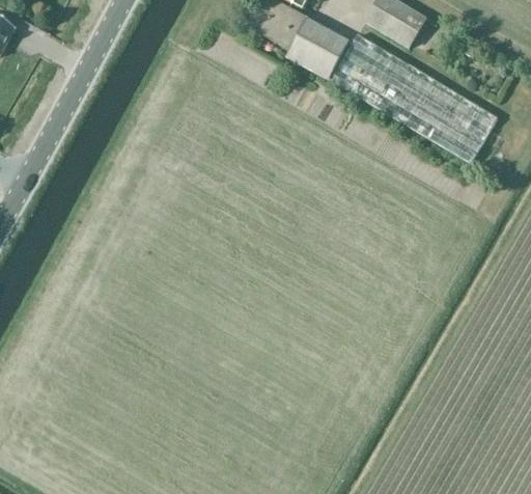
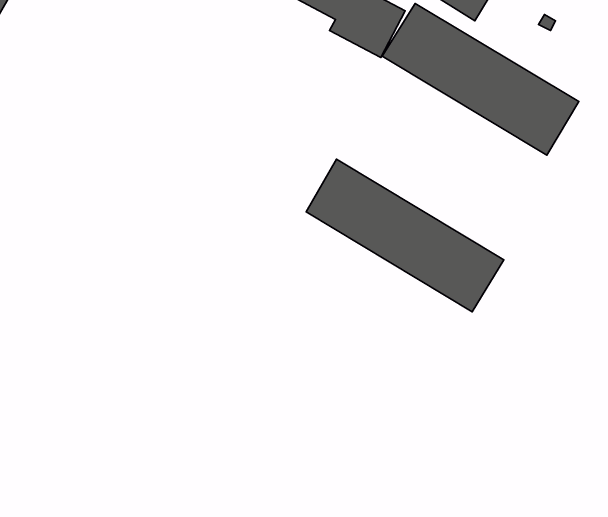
building: none -> [306,159,504,312]

